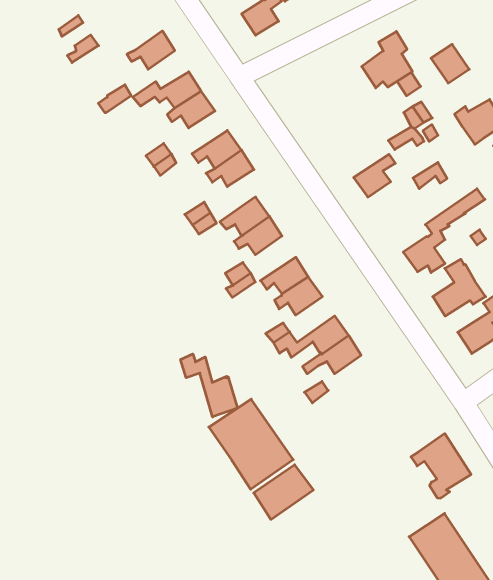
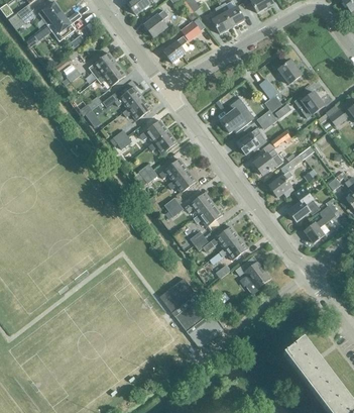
building: none -> [89,51,117,78]
building: [362,31,412,88] -> [220,98,250,132]
building: none -> [253,148,282,175]
building: [181,354,237,417] -> none
building: [411,434,471,498] -> [234,254,270,293]

